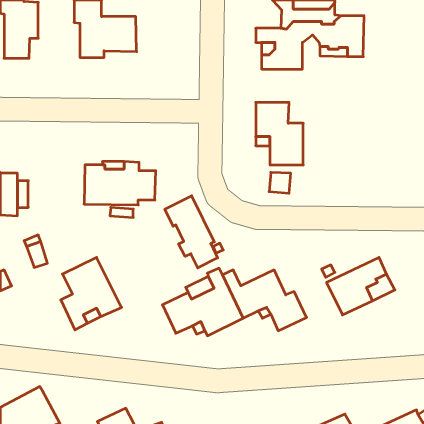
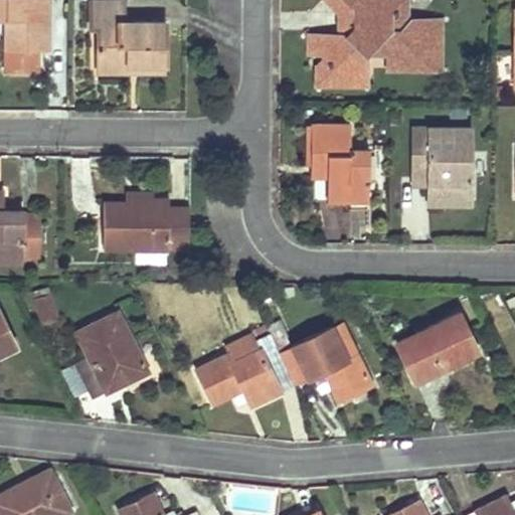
building: none -> [411,129,473,205]
building: [165,196,218,268] -> none

